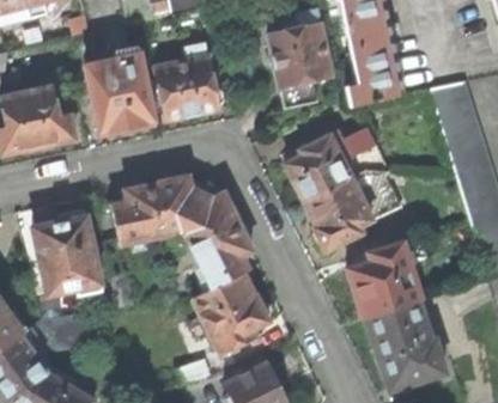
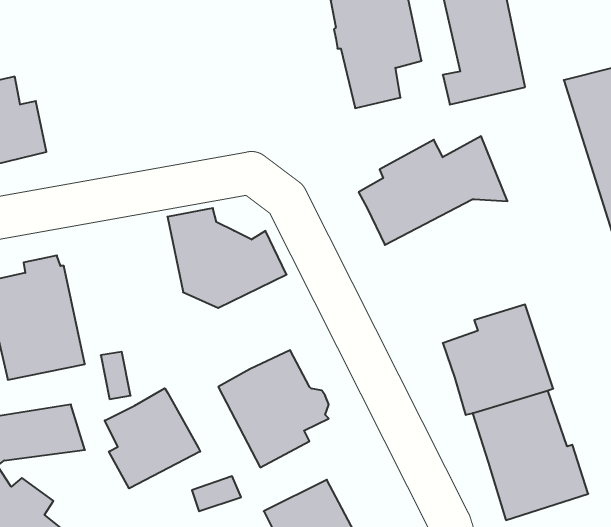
building: [157,43,225,118] -> none
building: [89,53,157,133] -> none
building: [308,170,377,248] -> none
building: [114,182,170,243] -> none
building: [194,221,255,286] -> none
building: none -> [105,388,200,488]

